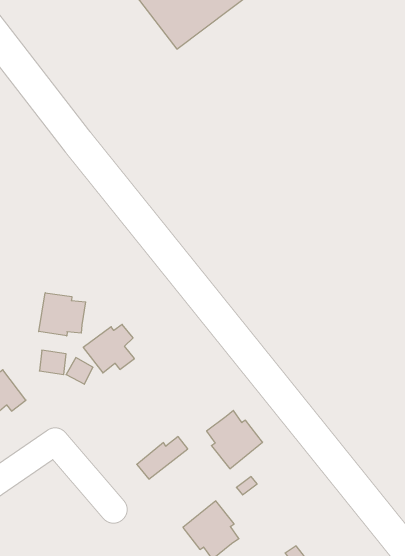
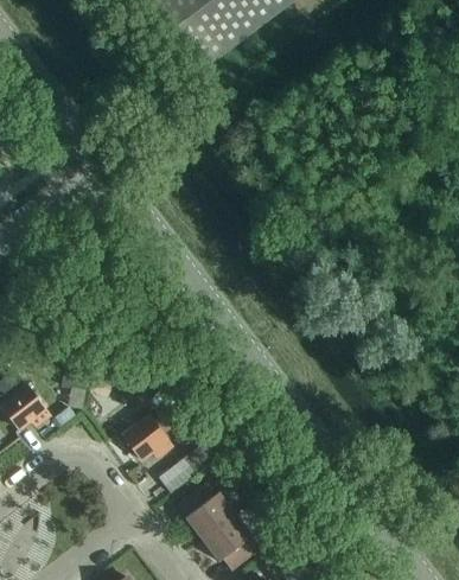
building: [39,293,86,336] -> none
building: [83,324,134,373] -> [123,413,173,460]
building: [207,410,263,469] -> [181,483,236,540]

